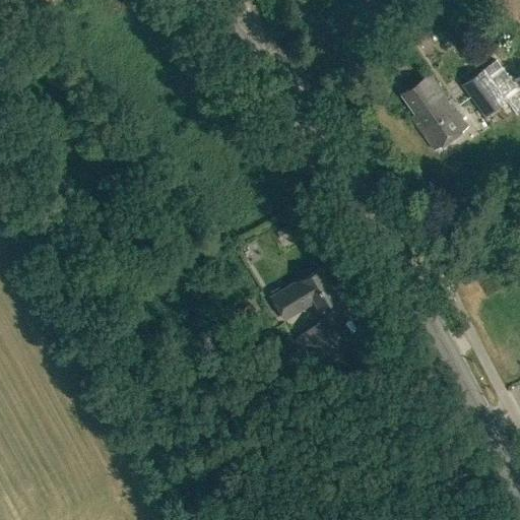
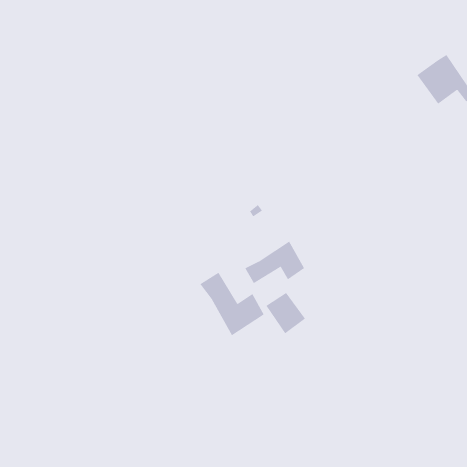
building: [402,74,468,150] -> none
building: none -> [200,272,264,336]

